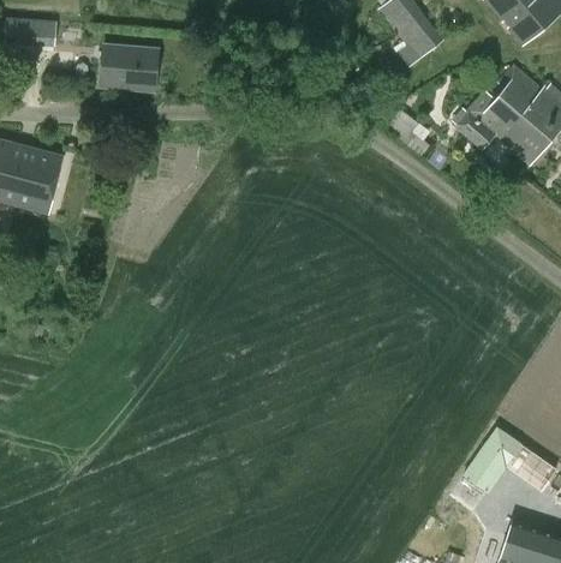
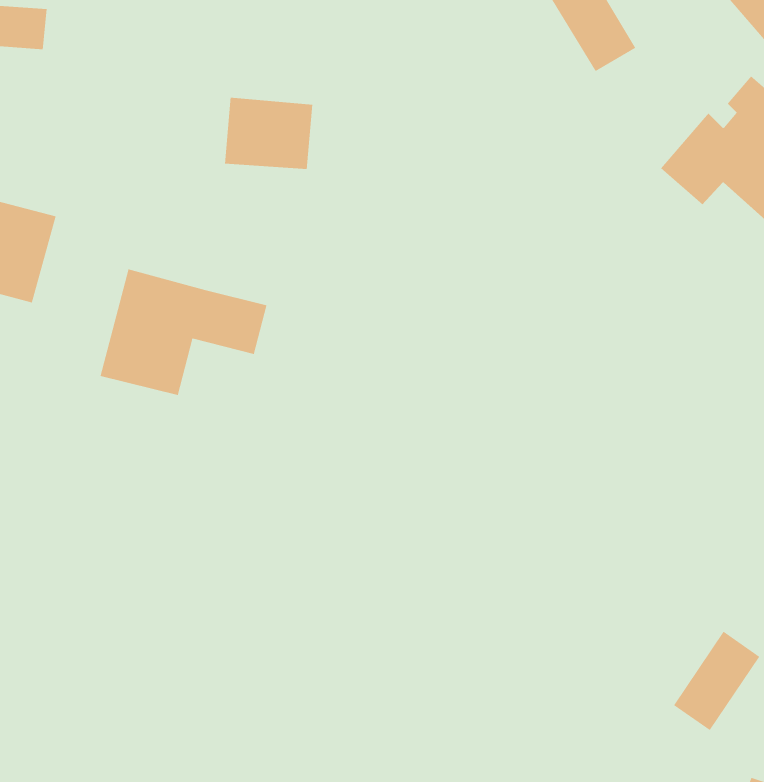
building: [101,43,159,90] -> [224,97,313,169]
building: none -> [100,269,267,396]

